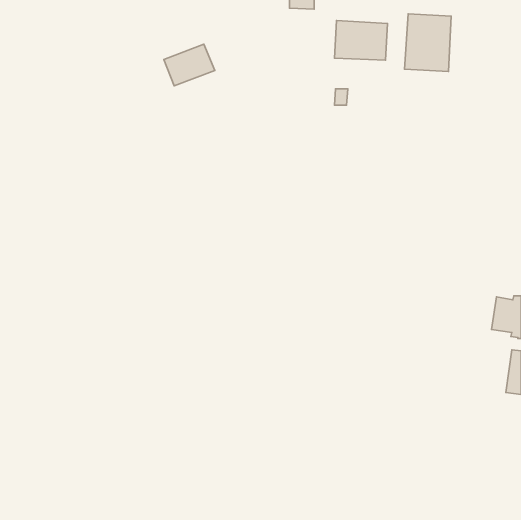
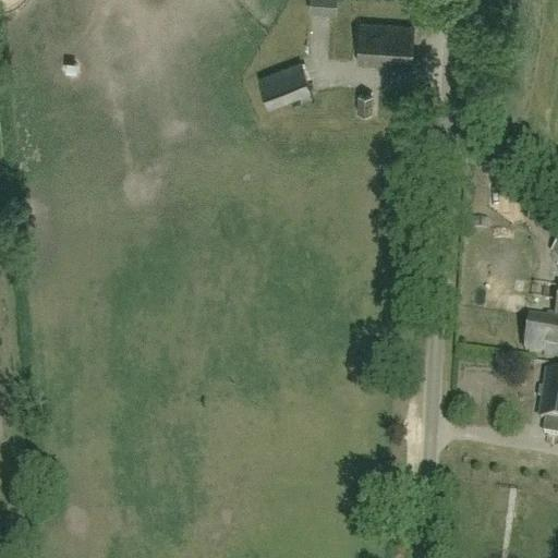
building: [404,14,451,72] -> none
building: [164,44,215,86] -> [258,62,313,107]

